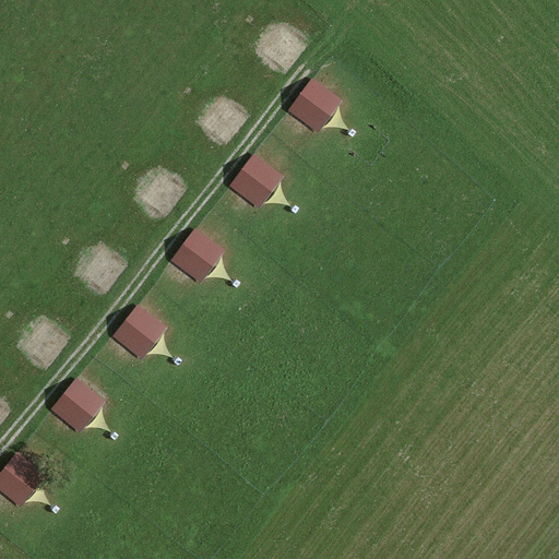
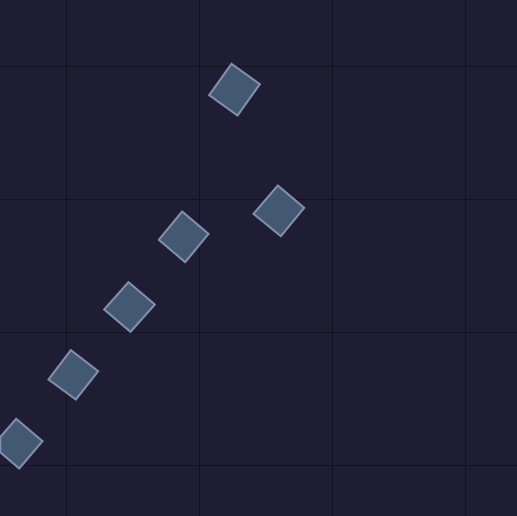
building: [288,76,343,132] -> [209,64,260,116]
building: [229,154,284,209] -> [253,186,304,236]

